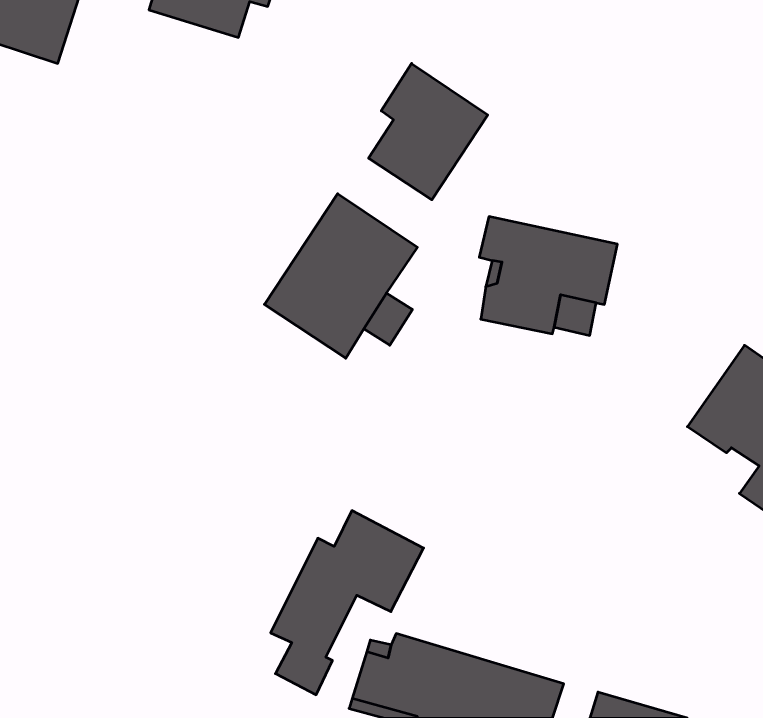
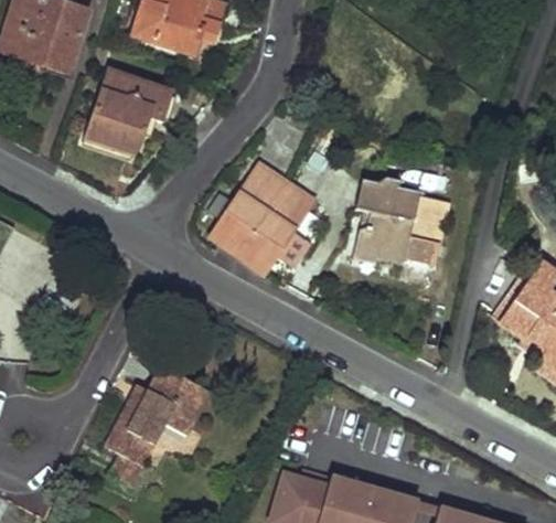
building: none -> [88,72,172,150]
building: [369,63,488,200] -> none
building: [271,511,424,695] -> [94,374,197,499]

